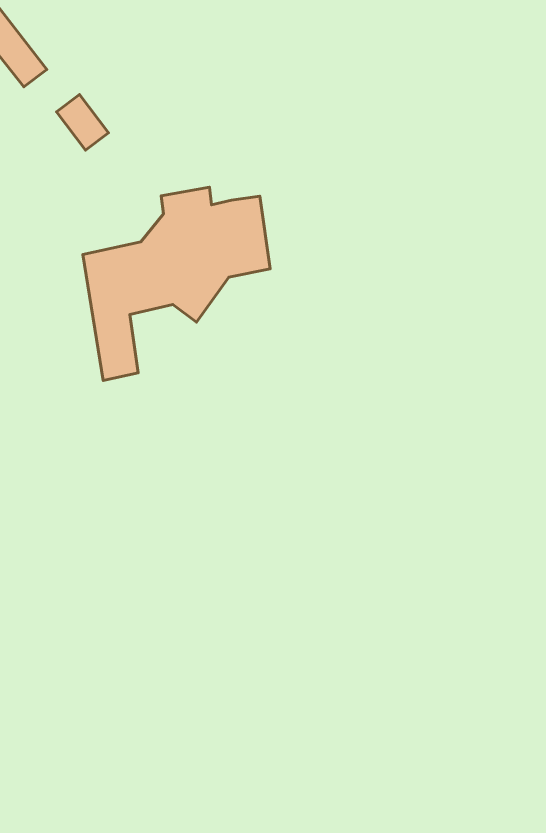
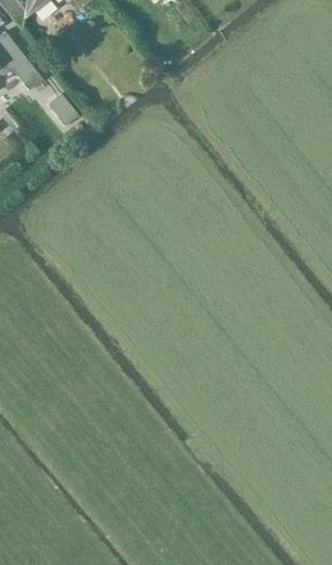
building: [83,187,270,381] -> none

